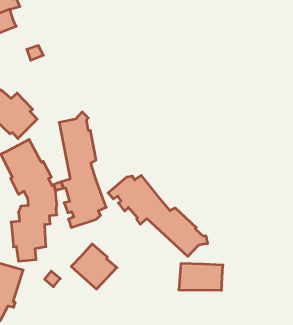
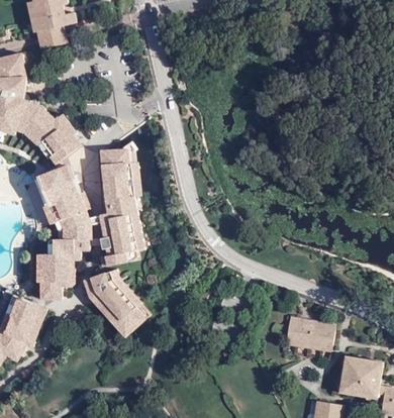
building: [108,175,208,256] -> none
building: none -> [86,270,125,308]
building: [179,264,223,290] -> [283,316,333,349]

